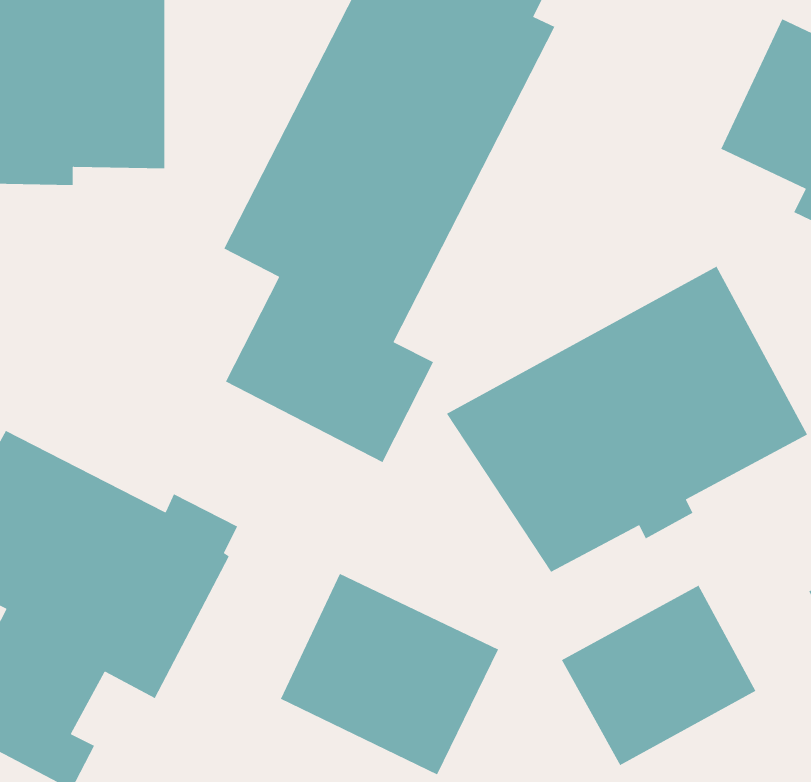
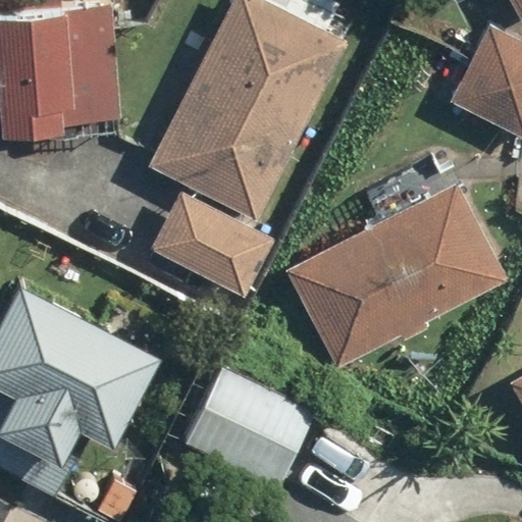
building: [561,585,756,766] -> none

